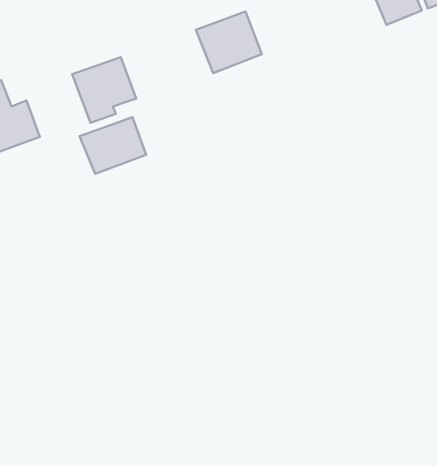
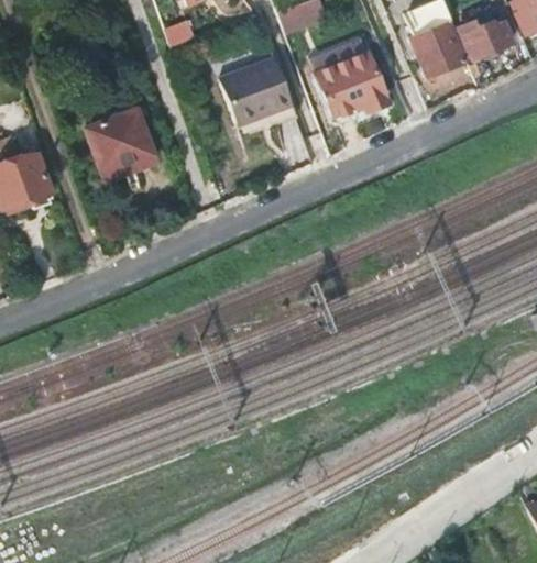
building: none -> [317,52,391,120]
building: [80,117,146,174] -> none

